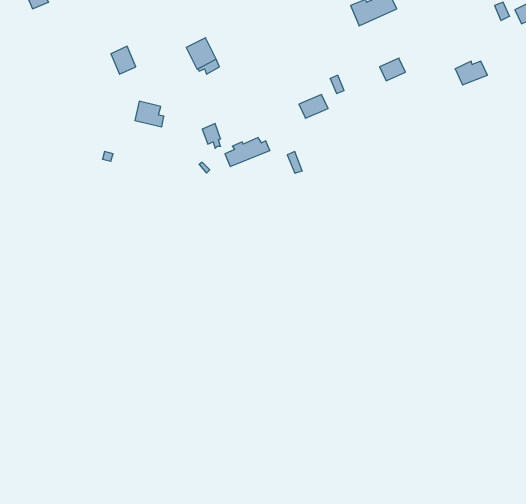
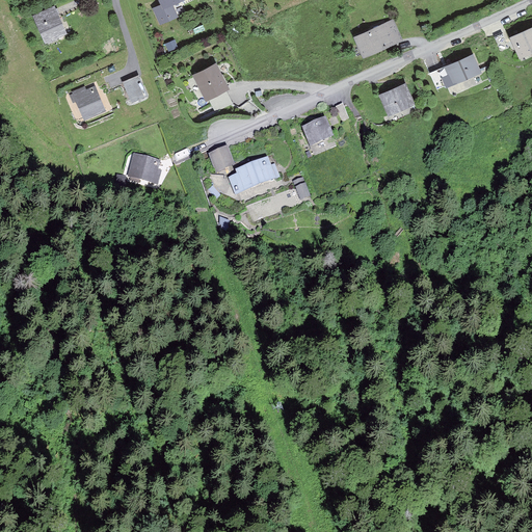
building: none -> [75,88,101,115]
building: [455,61,487,85] -> [445,59,476,82]
building: [135,101,164,127] -> [131,158,159,183]

